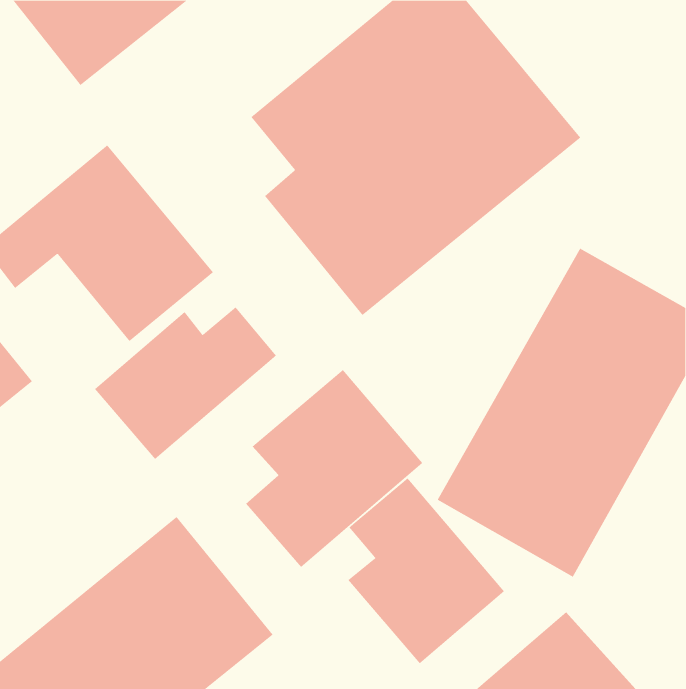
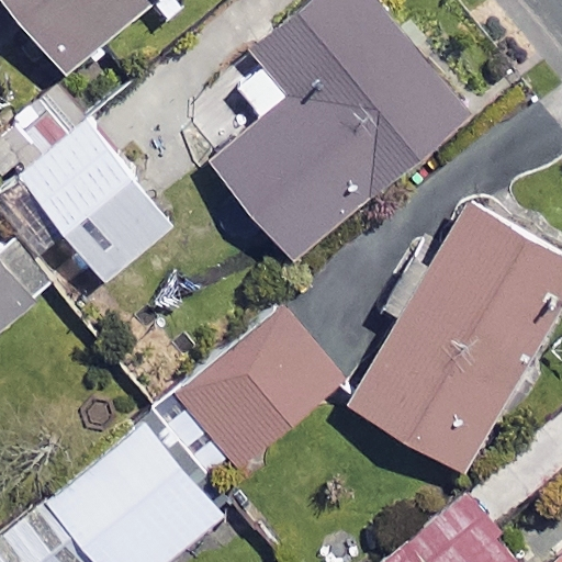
building: [94,306,277,460] -> none
building: [347,478,505,664] -> none

